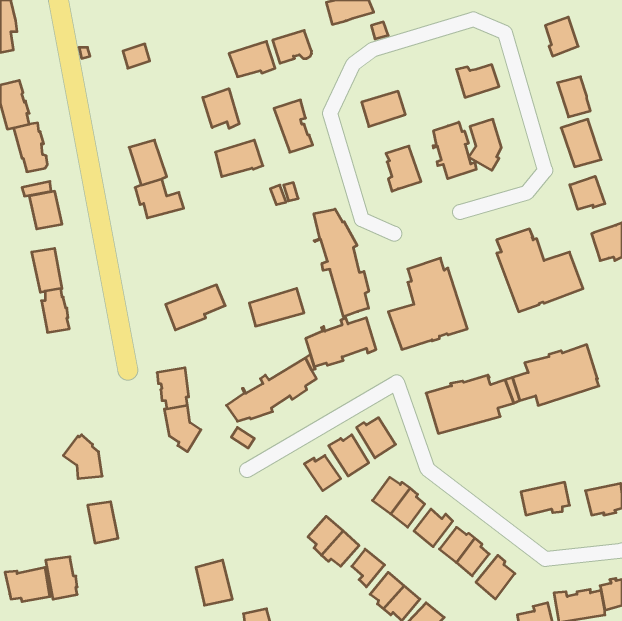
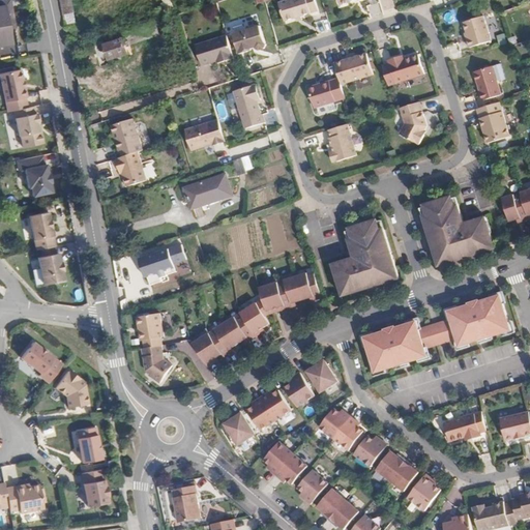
building: none -> [334,53,373,85]
building: [203,89,239,128] -> none
building: [433,122,476,179] -> none
building: [570,176,605,209] -> none
building: [314,209,369,317] -> none
building: [249,288,304,326] -> [183,176,230,208]
building: none -> [20,342,62,384]
building: none -> [245,395,274,429]
building: none -> [222,408,254,443]
building: [46,557,77,599] -> [81,470,108,506]

